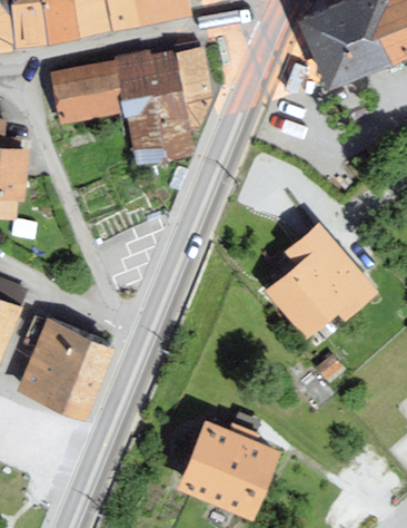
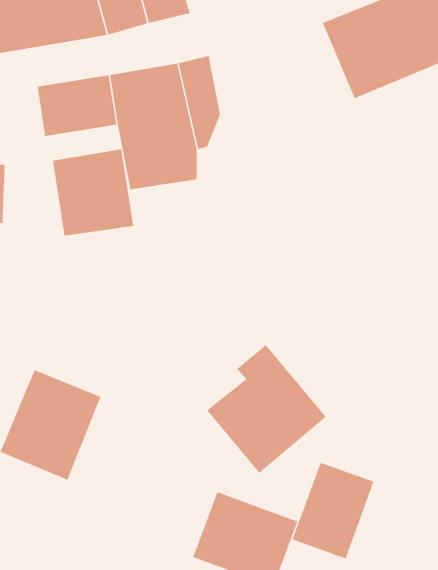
building: none -> [52,148,134,237]
building: [267,227,370,339] -> [206,344,327,474]
building: none -> [292,462,375,559]

